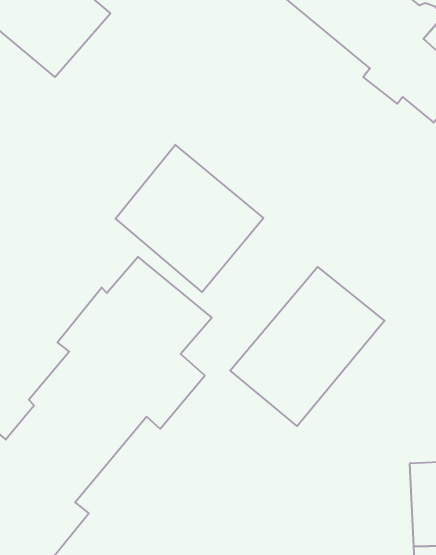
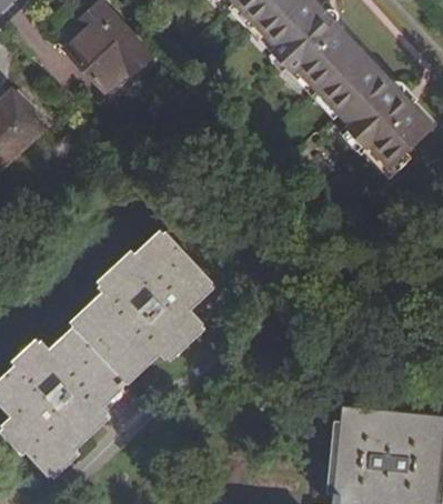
building: [116,145,263,292] -> none
building: [230,267,385,426] -> none

